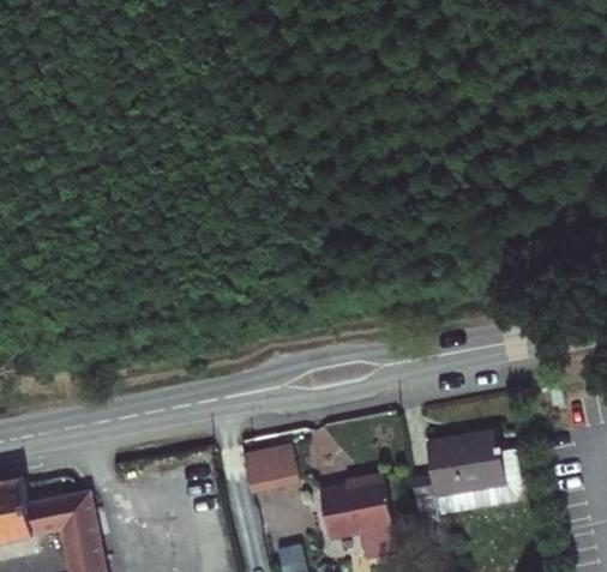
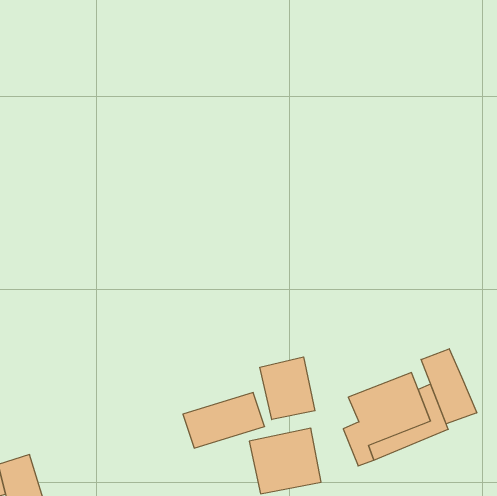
building: none -> [260,357,315,420]
building: none -> [421,349,477,424]

